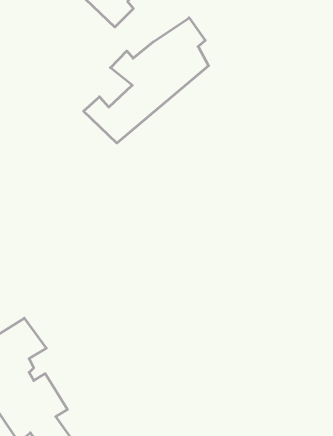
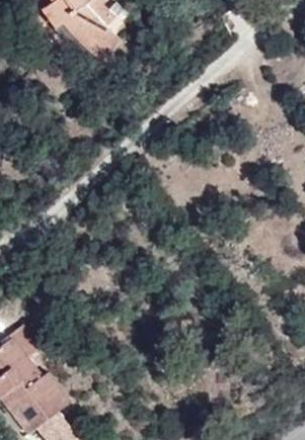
building: [84,18,209,143] -> none

